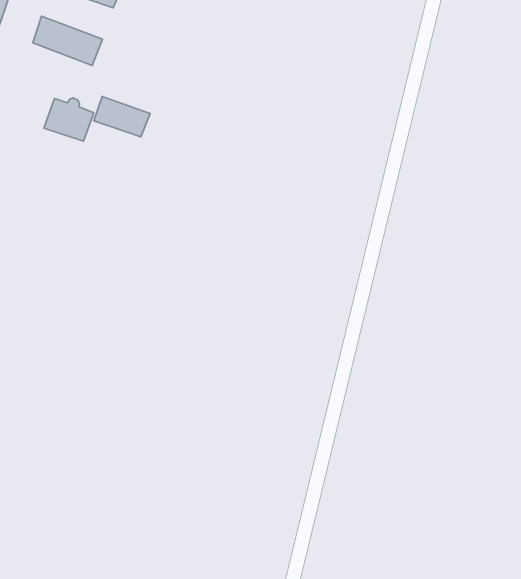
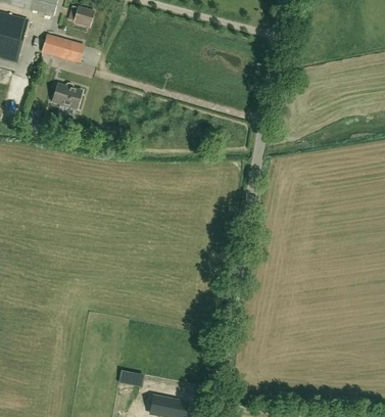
building: [94,96,150,137] -> none

